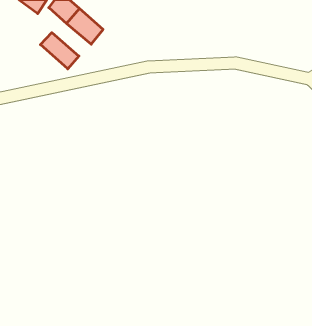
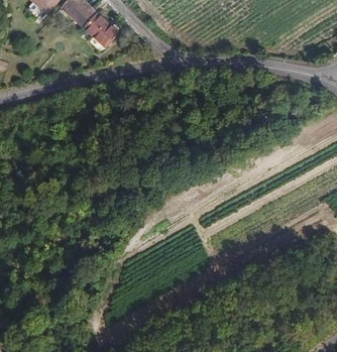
building: [40,33,79,69] -> none

